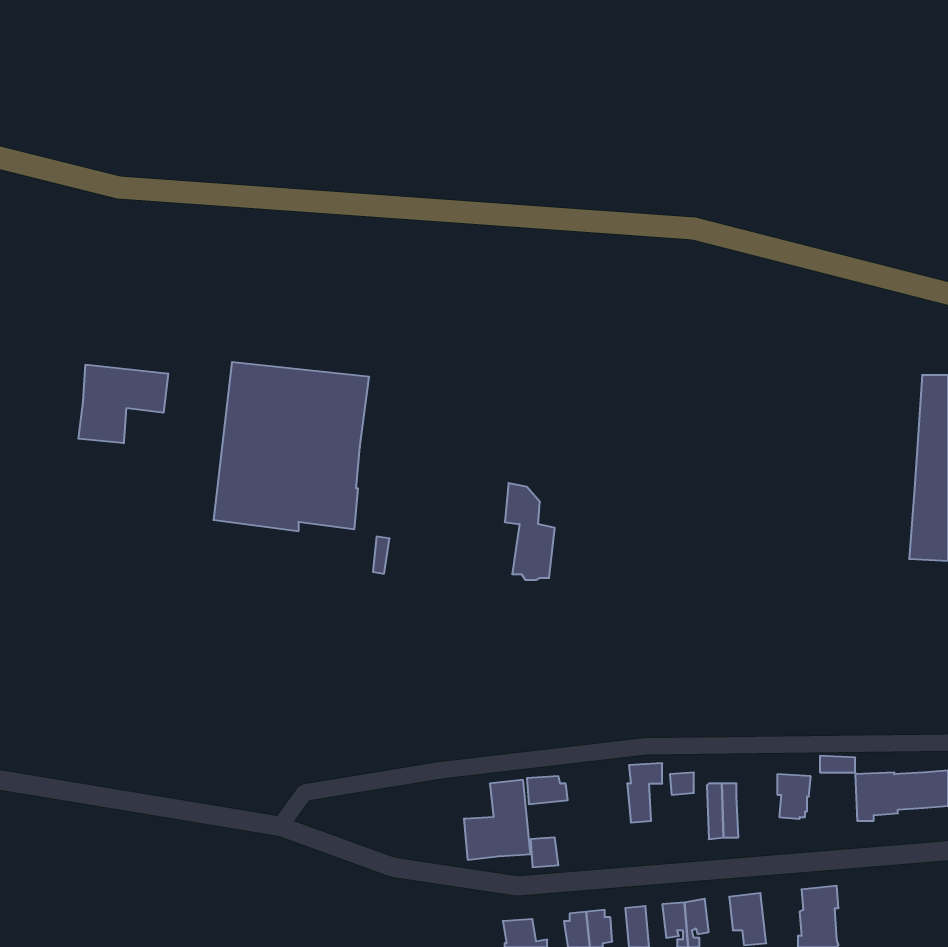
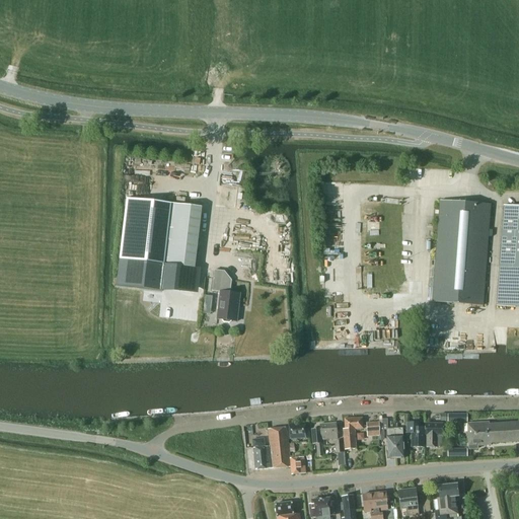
building: [78,365,168,443] -> none
building: none -> [432,200,491,305]
building: [505,483,555,580] -> [214,269,241,321]
building: none -> [311,422,337,456]
building: none -> [405,422,425,447]

